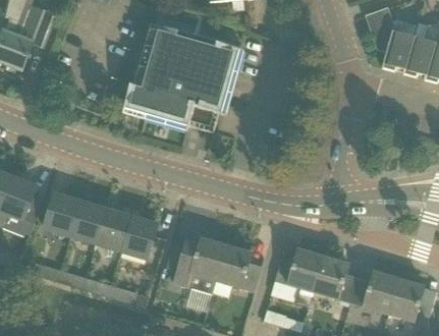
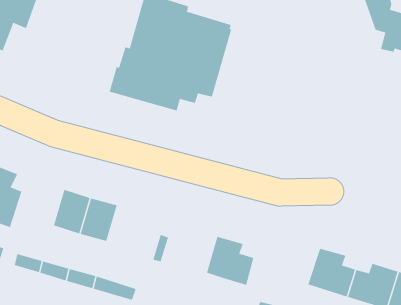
building: [45,193,80,235] -> none
building: [121,216,157,258] -> none
building: [173,234,226,293] -> none
building: [275,245,324,304] -> none

